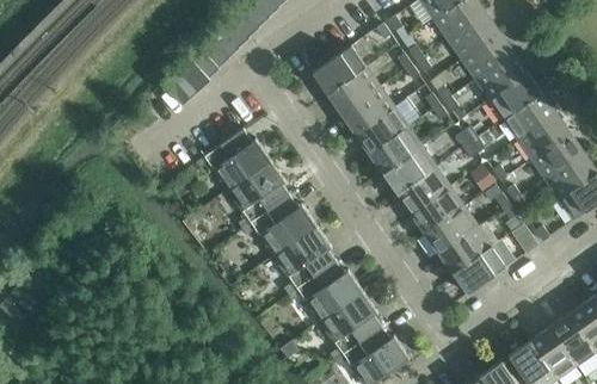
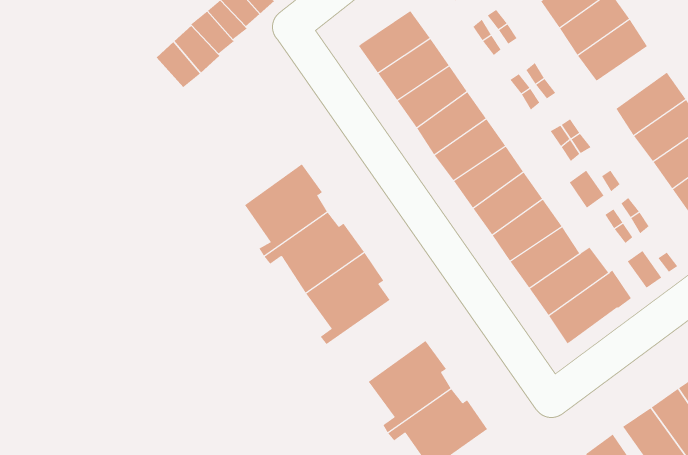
building: [488,73,541,119] -> none
building: [195,128,270,191] -> none
building: [288,261,362,322] -> none

